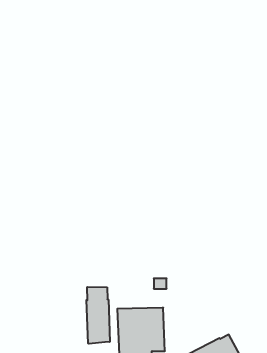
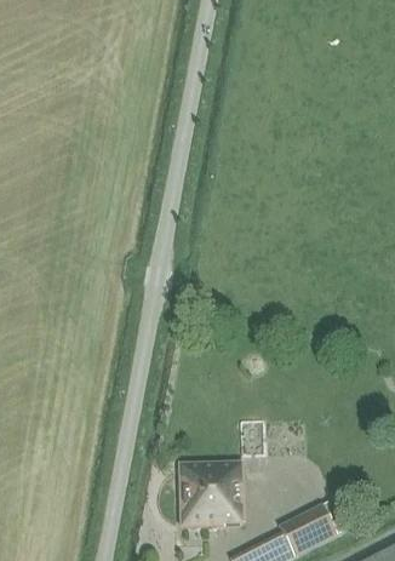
building: [86,287,110,344] -> none

